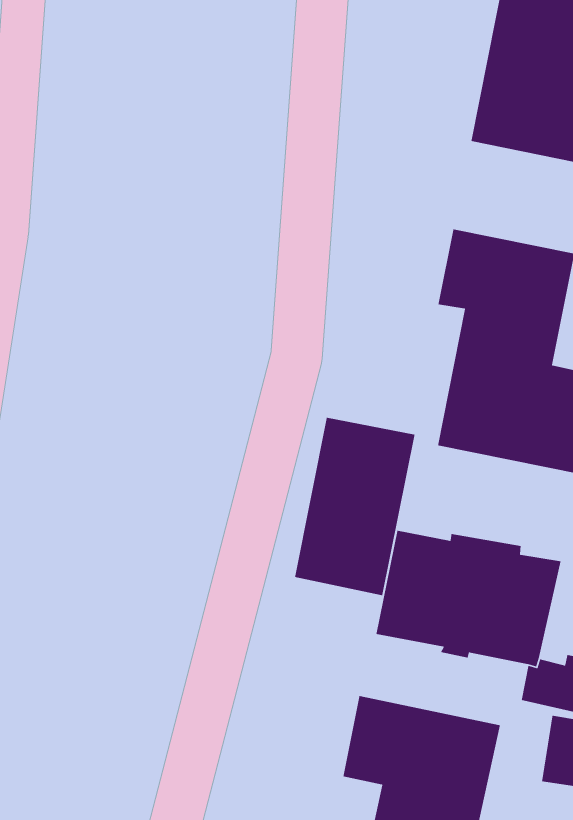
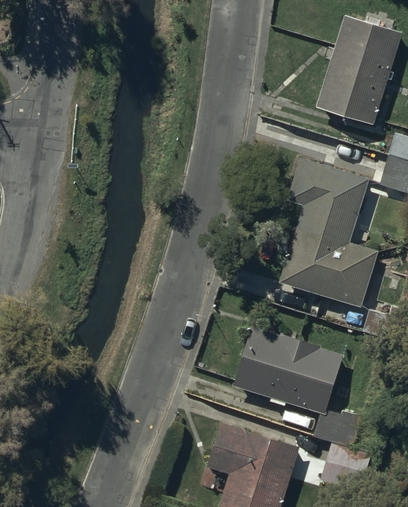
building: [294,417,415,596] -> none

